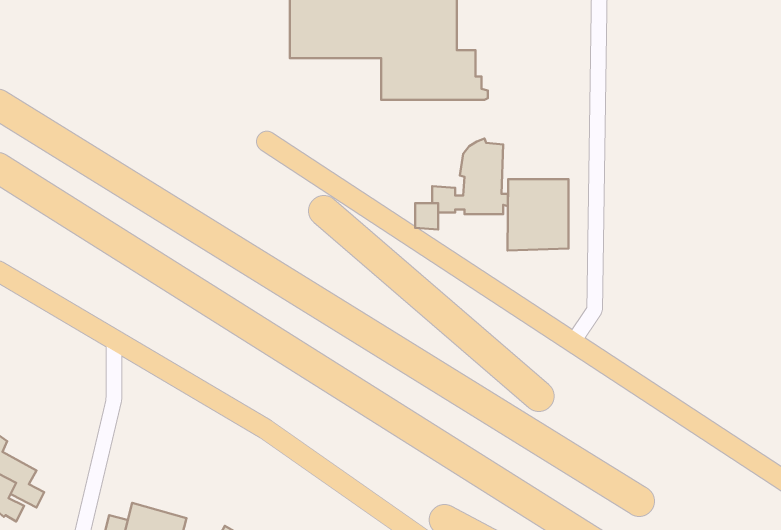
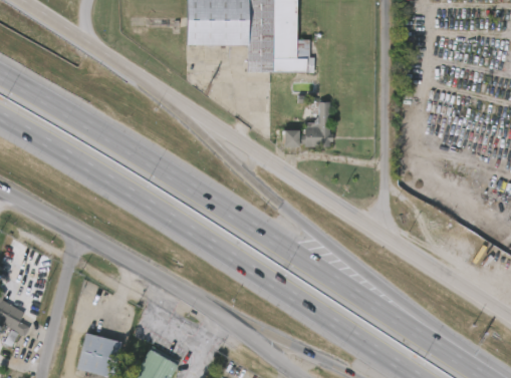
building: [508,179,569,251] -> none

